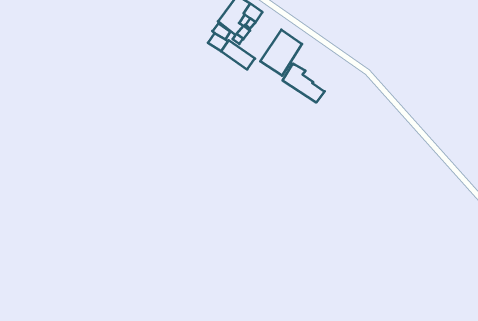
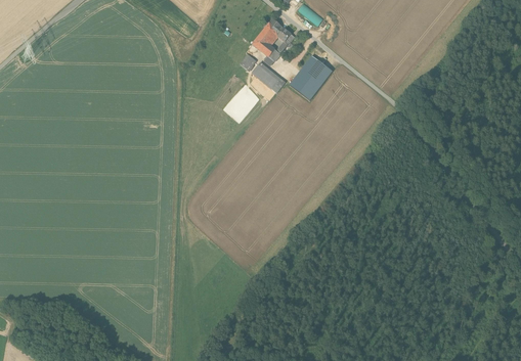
building: [283,64,325,102] -> none

